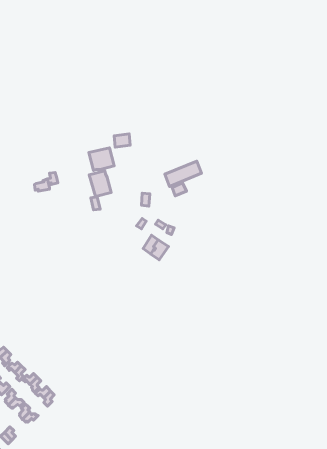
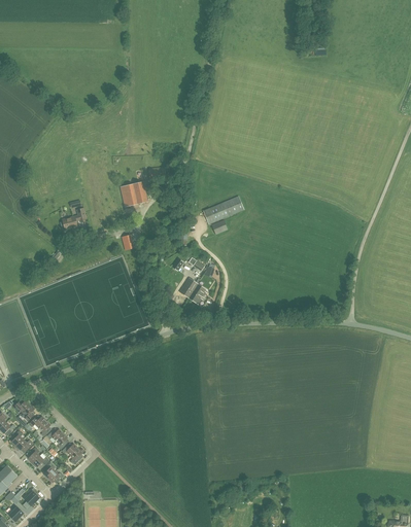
building: [89,171,111,197] -> none

